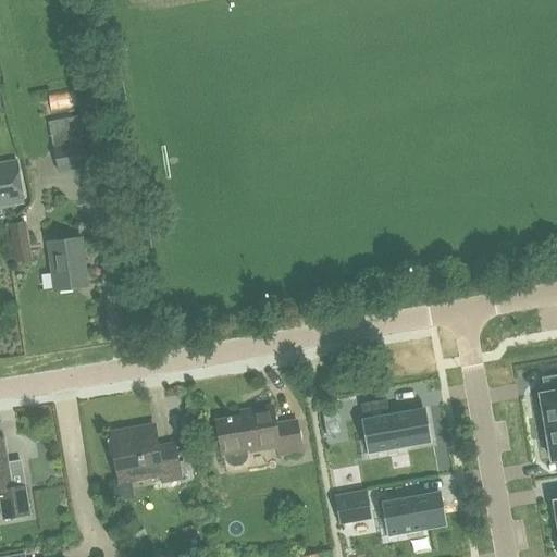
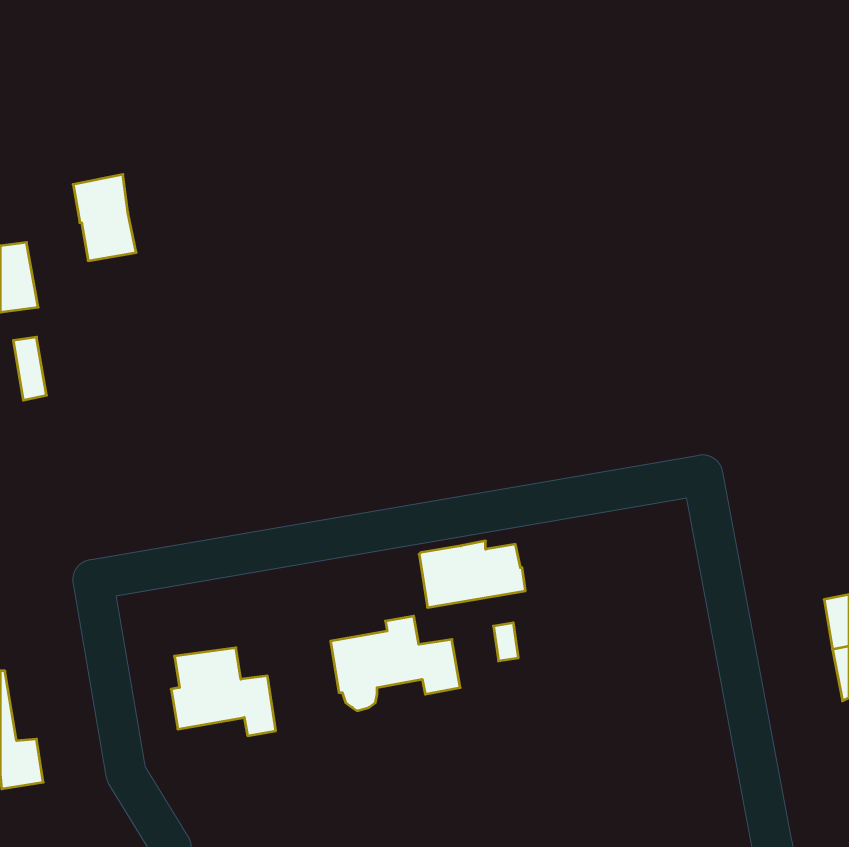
building: [49,236,86,287] -> none
building: [361,409,431,453] -> [419,541,525,607]
building: [334,488,369,523] -> none
building: [381,493,446,535] -> none

